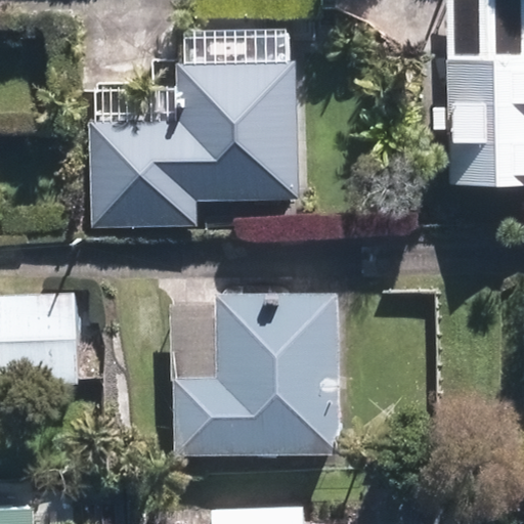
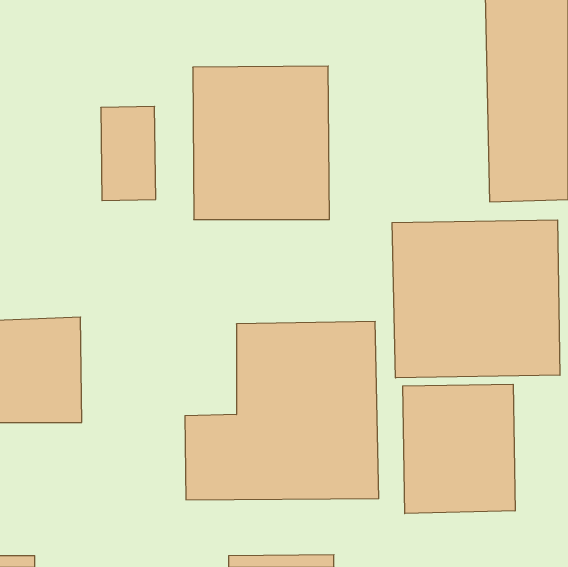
building: none -> [392,220,560,378]
building: none -> [403,384,515,514]

